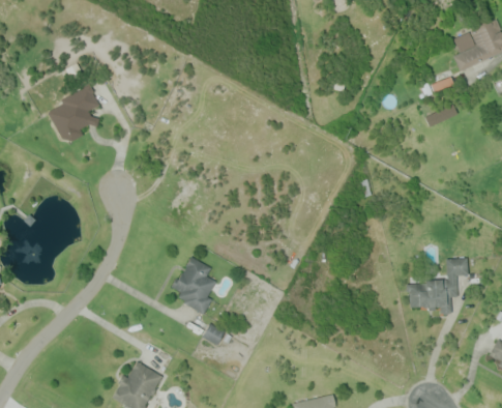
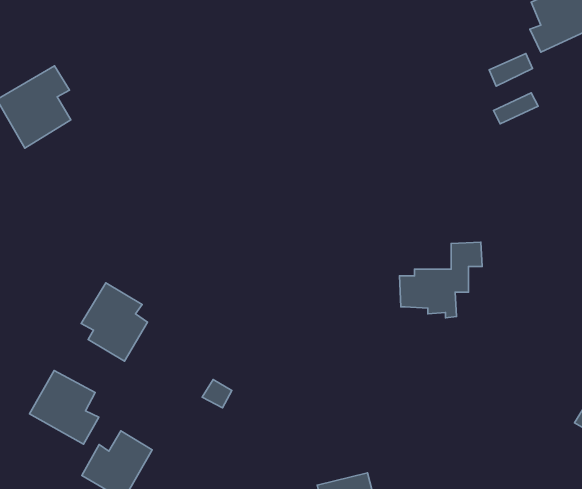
building: [171,255,222,315] -> [81,283,148,361]
building: [406,258,469,316] -> [400,242,482,318]
building: none -> [30,371,99,444]

